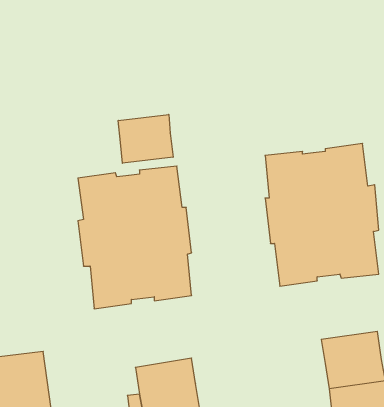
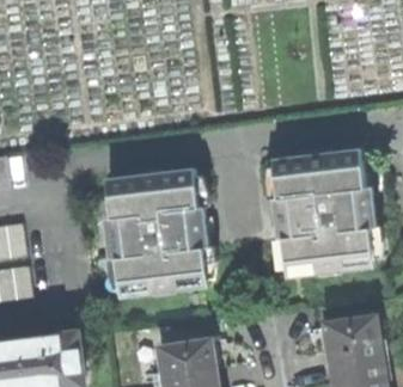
building: [118,114,173,163] -> none

